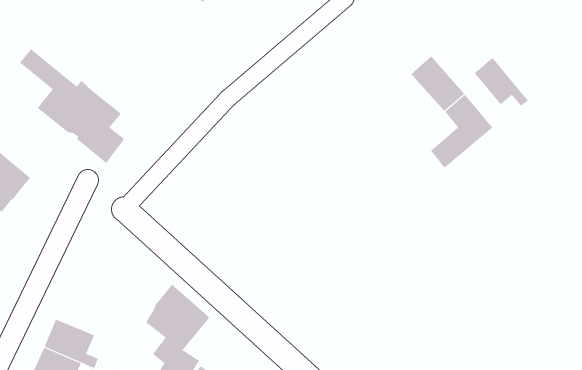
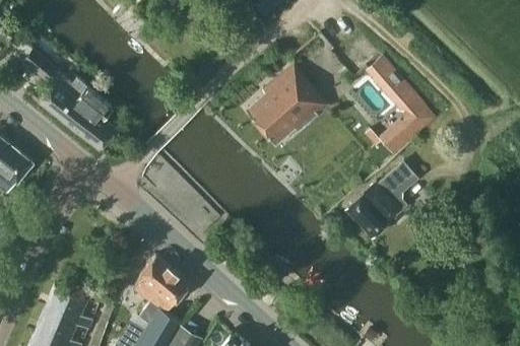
building: [474,57,529,116] -> none
building: none -> [247,64,328,143]
building: none -> [347,169,409,235]

